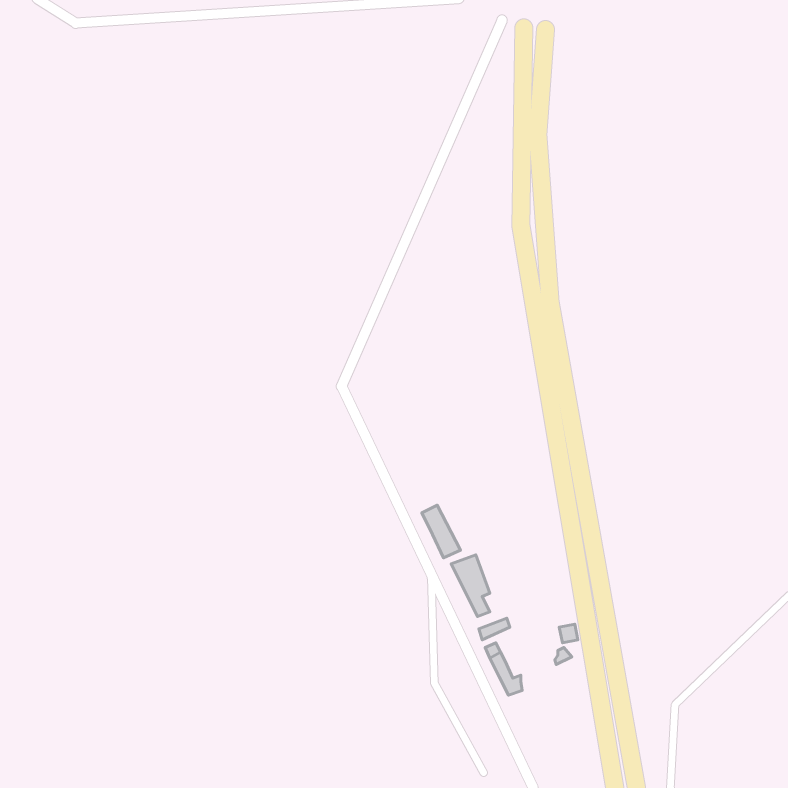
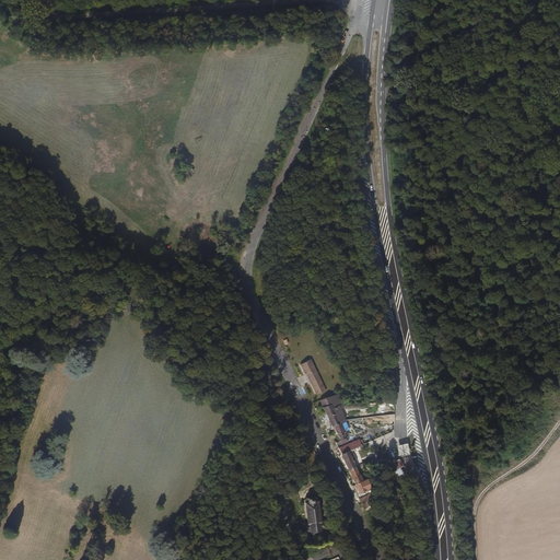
building: none -> [304,500,325,532]

